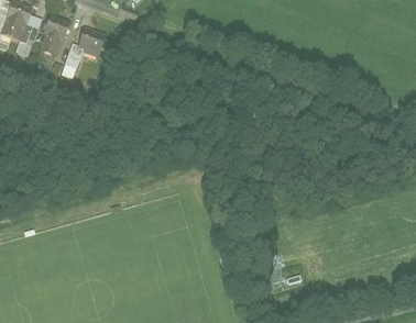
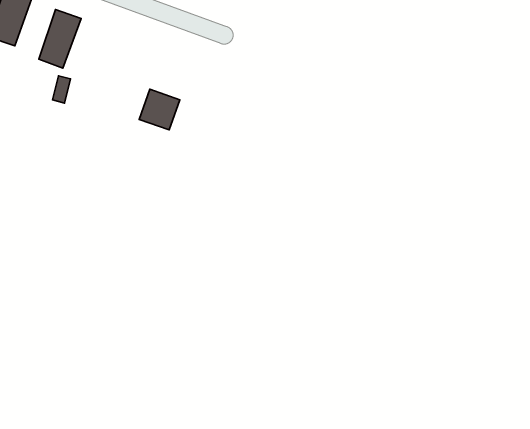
building: [77,25,107,55] -> [139,89,180,130]

